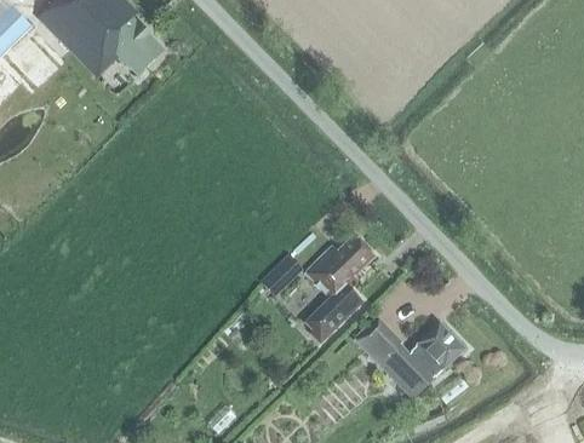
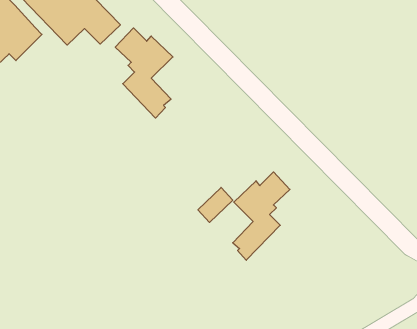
building: none -> [115,28,173,118]
building: [353,315,464,397] -> none

